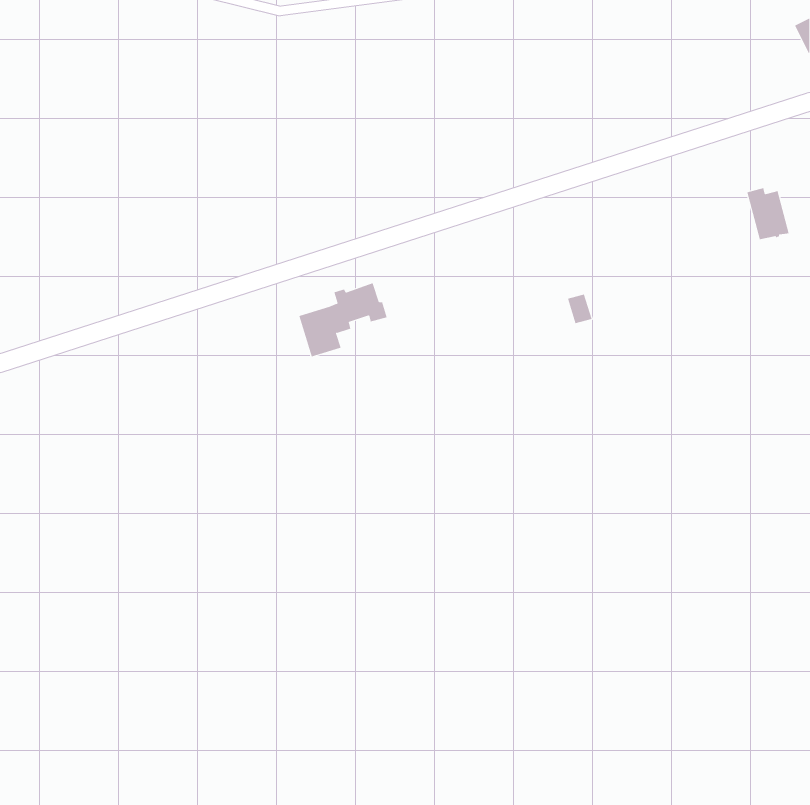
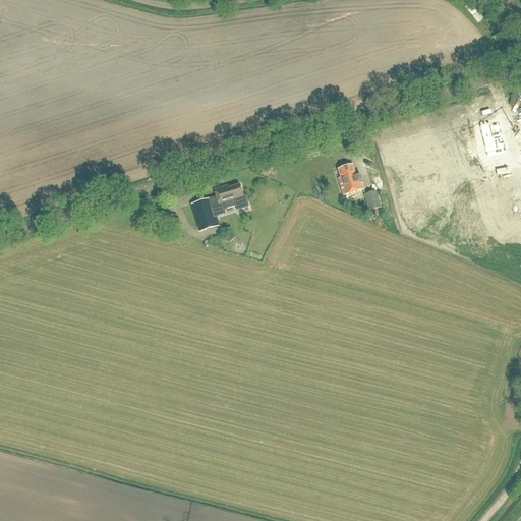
building: none -> [338,162,363,192]

